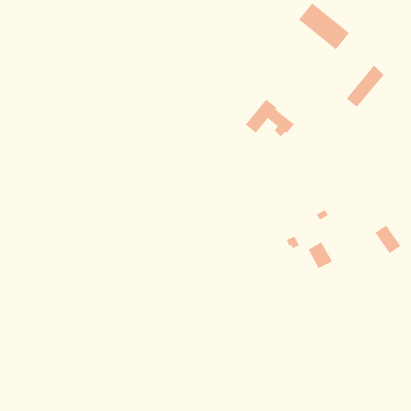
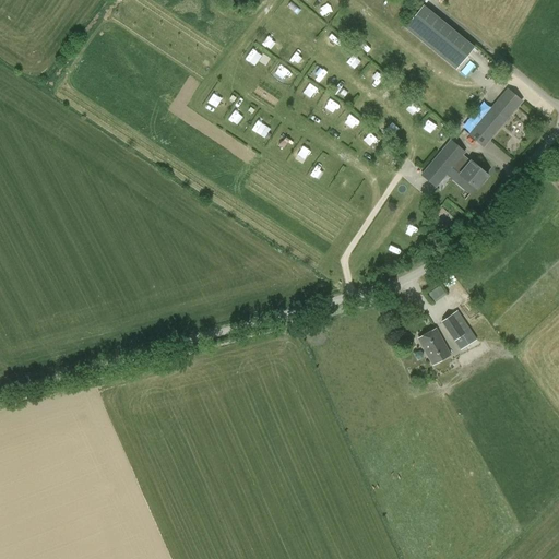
building: [245,99,295,137] -> [421,140,489,192]
building: [375,225,401,254] -> [441,309,477,348]

